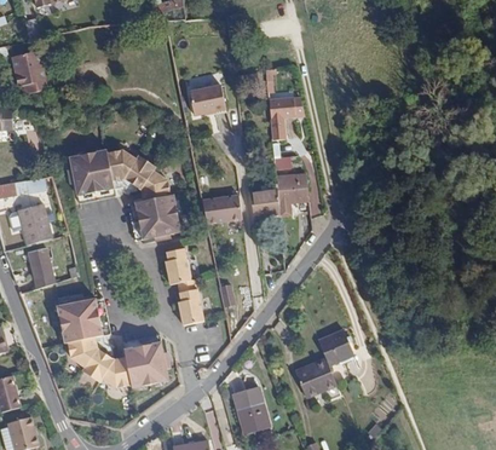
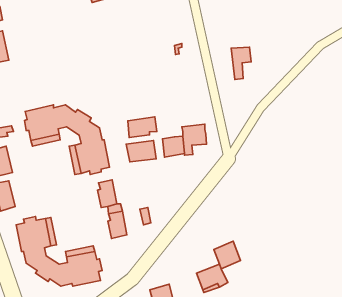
building: [189,85,225,115] -> none
building: [269,98,295,140] -> [231,47,251,79]
building: none -> [128,117,157,137]

